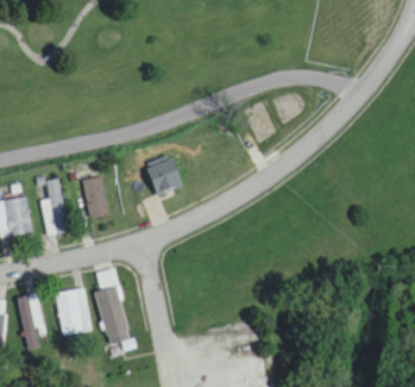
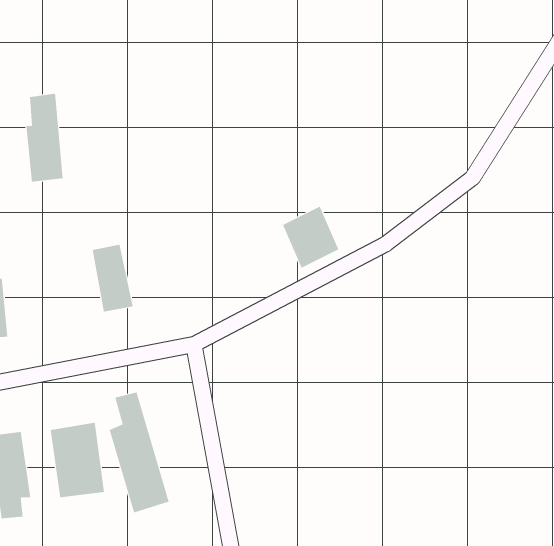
building: [146,158,182,198] -> [282,206,339,268]
building: [43,179,67,235] -> [26,93,63,182]

